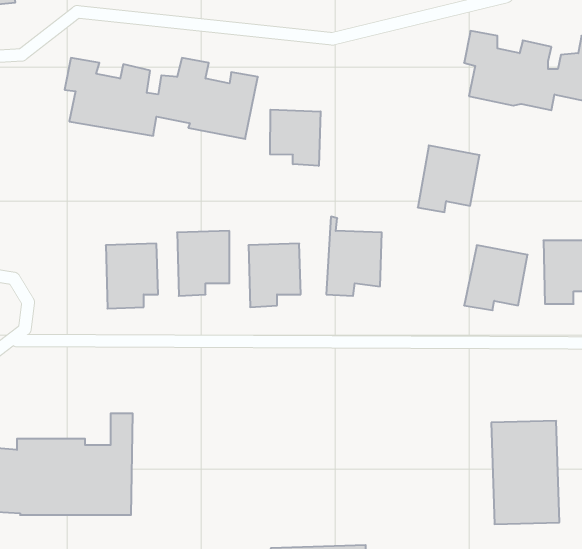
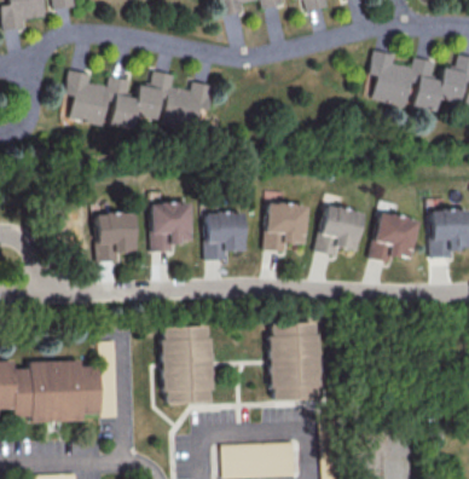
building: [270,110,321,166] -> none
building: [418,145,480,212] -> [317,204,364,255]
building: none -> [162,325,213,404]
building: [491,421,559,524] -> [268,322,320,400]

